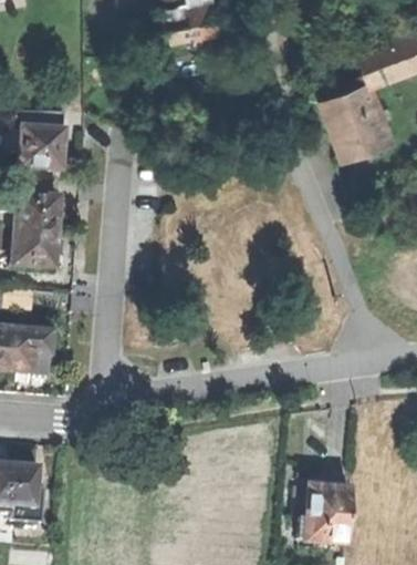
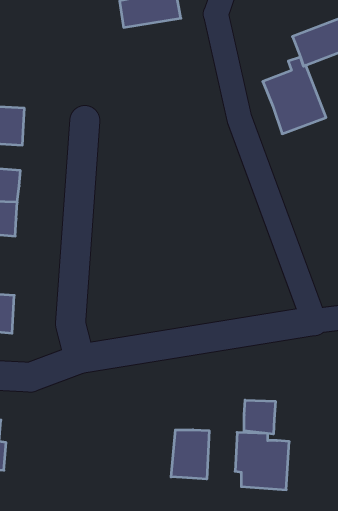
building: none -> [244,400,275,434]
building: none -> [171,430,209,479]

